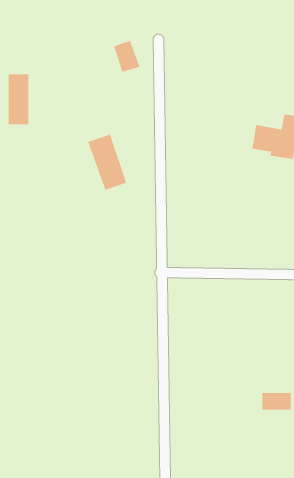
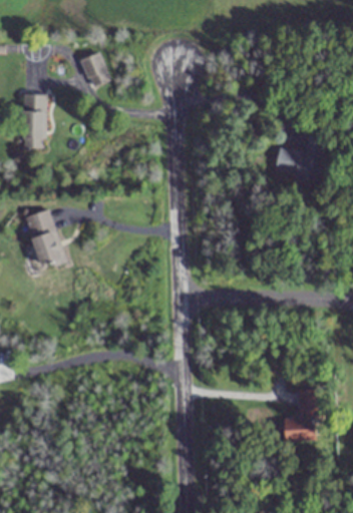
building: [113,40,140,73] -> [81,53,109,87]
building: [87,134,127,191] -> [25,209,66,269]

